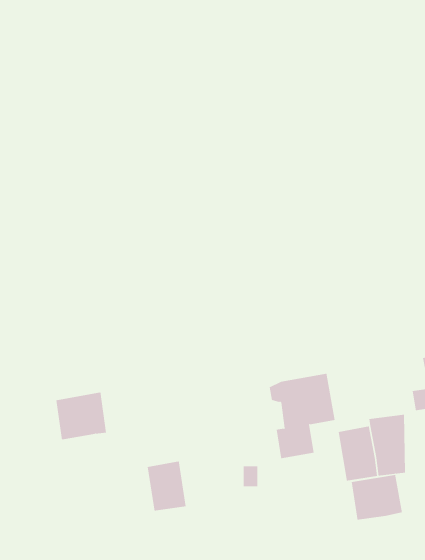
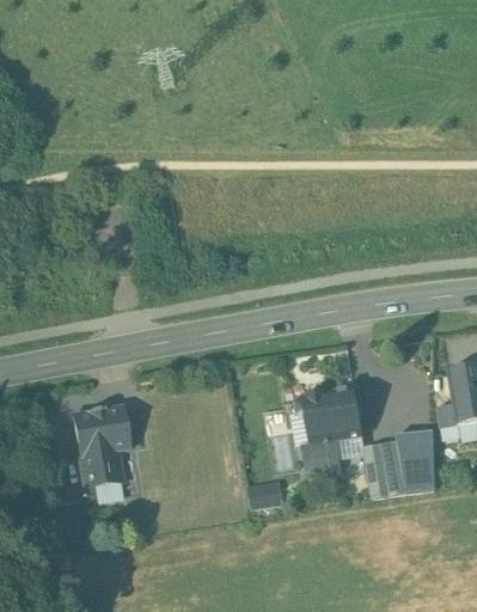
building: [147,461,187,511] -> [82,449,123,501]
building: [351,474,403,521] -> none

